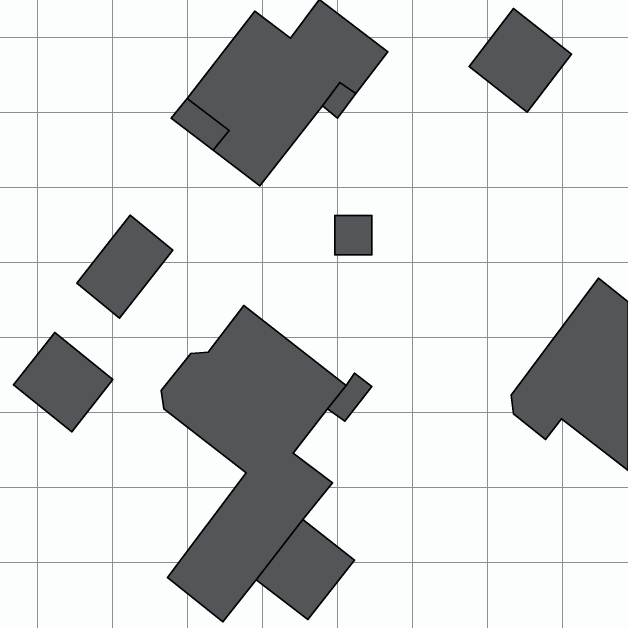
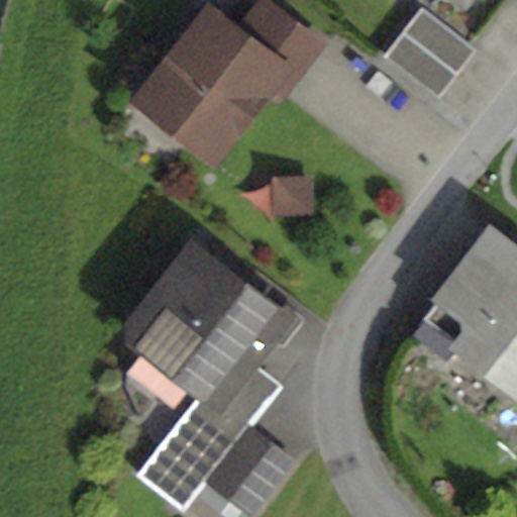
building: [77,215,173,318] -> none
building: [14,333,113,432] -> none

